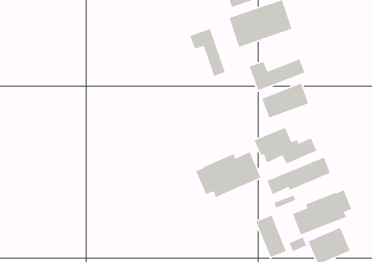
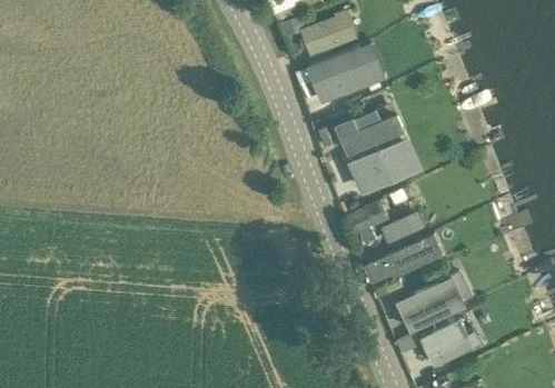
building: [189,28,226,77] -> none
building: [195,151,262,198] -> none
building: [255,215,287,258] -> none

